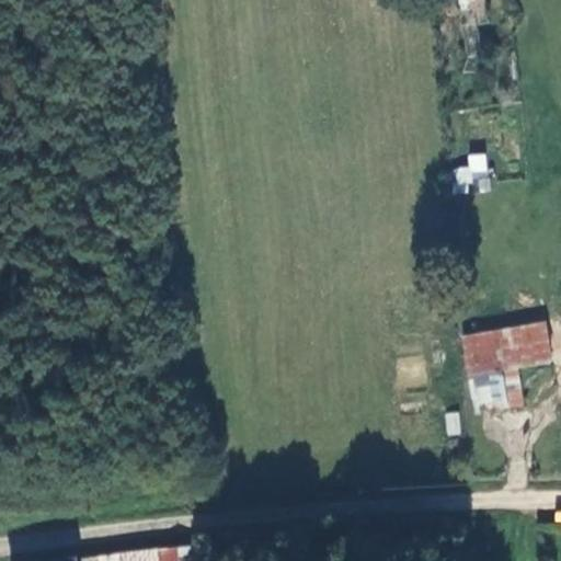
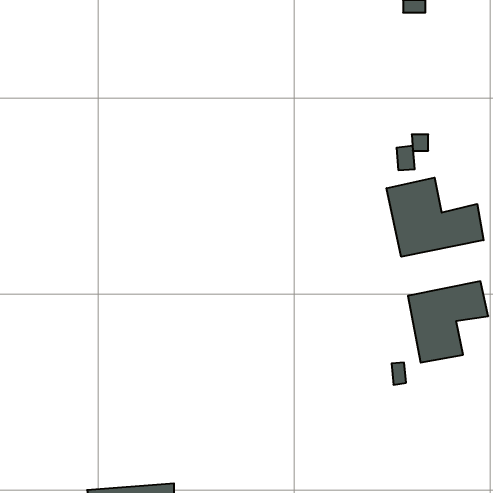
building: none -> [387,178,484,257]

